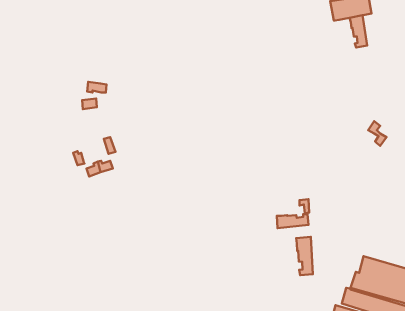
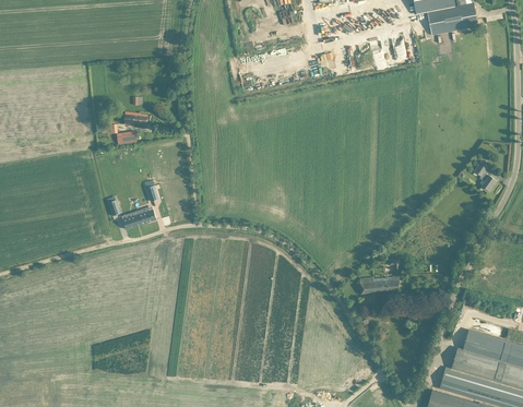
building: [350,15,367,48] -> none
building: [296,237,313,275] -> none

